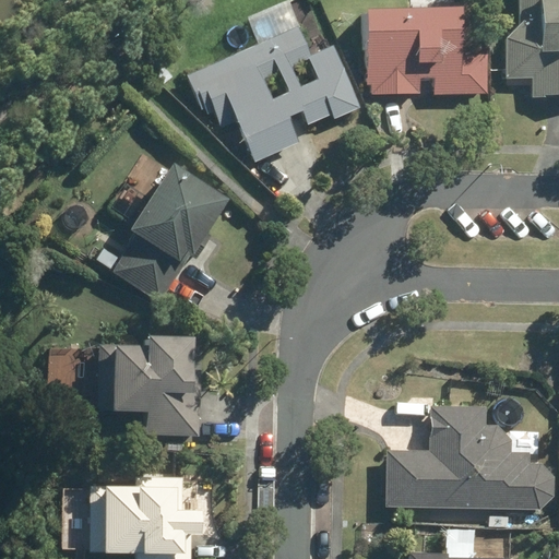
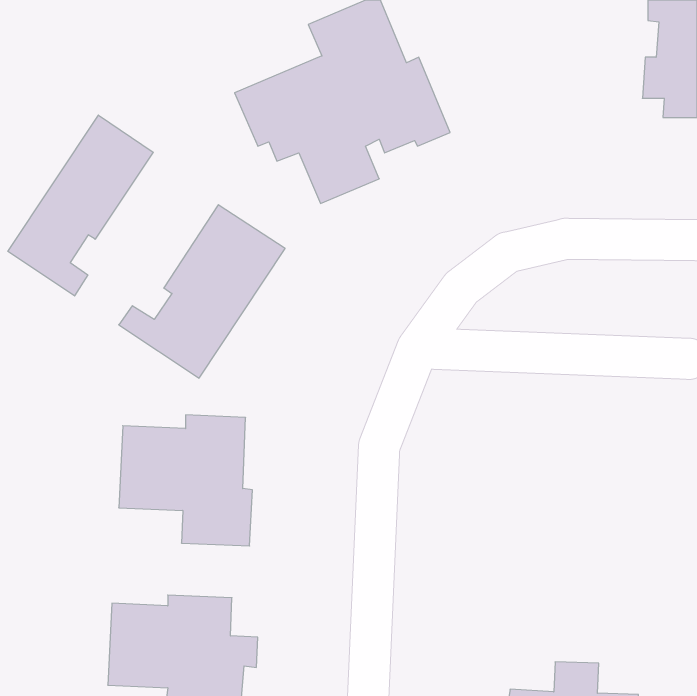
building: [366,5,489,96] -> none
building: none -> [8,115,153,296]
building: [383,404,554,512] -> none

